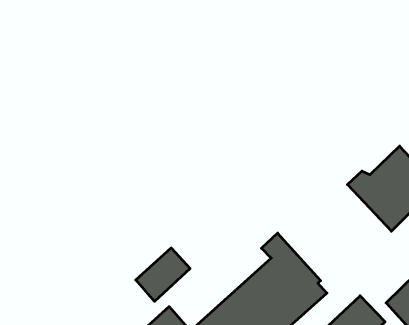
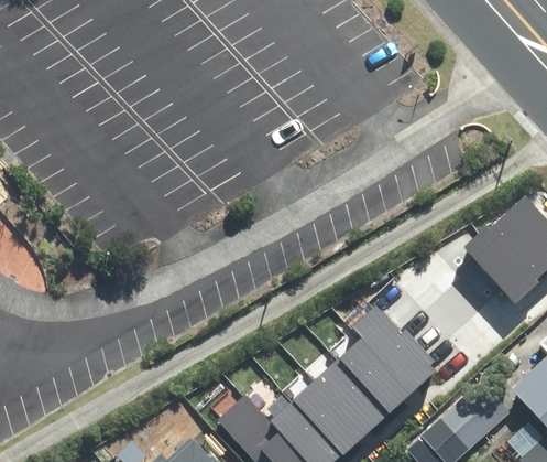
building: [136,248,190,301] -> none

